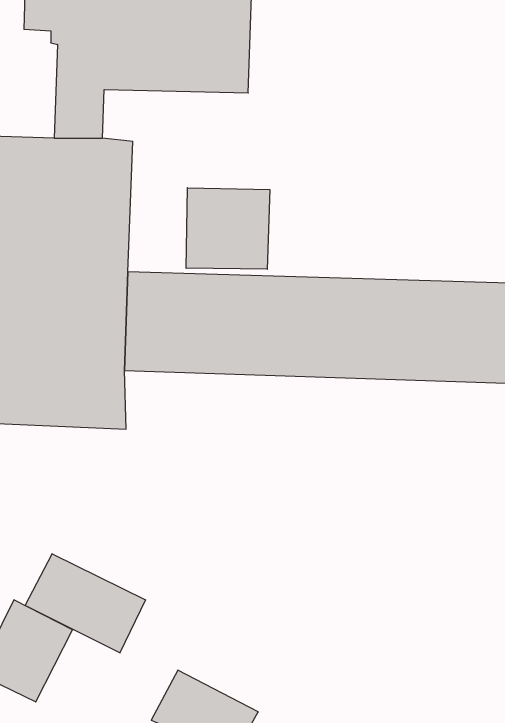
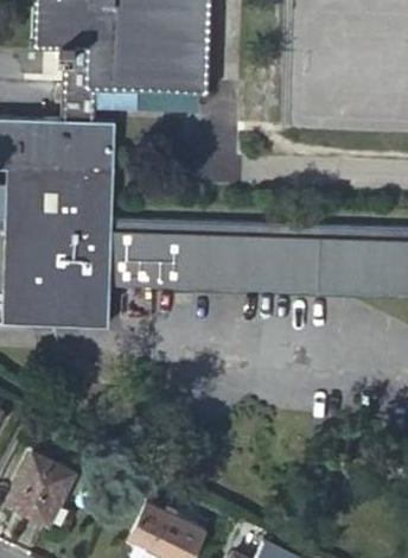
building: [186,188,270,269] -> none
building: [25,554,145,653] -> none

